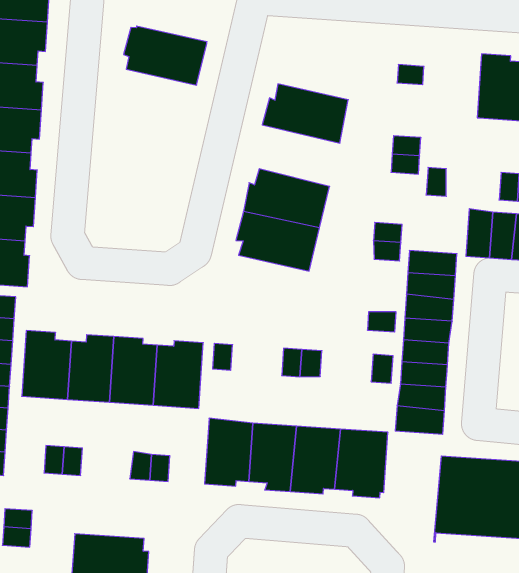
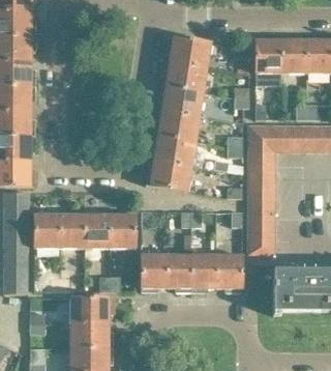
building: [124,26,207,85] -> [166,36,212,67]
building: none -> [257,36,282,84]
building: none -> [158,85,205,117]
building: none -> [248,124,280,151]
building: none -> [145,160,192,191]
building: none -> [70,297,114,323]

